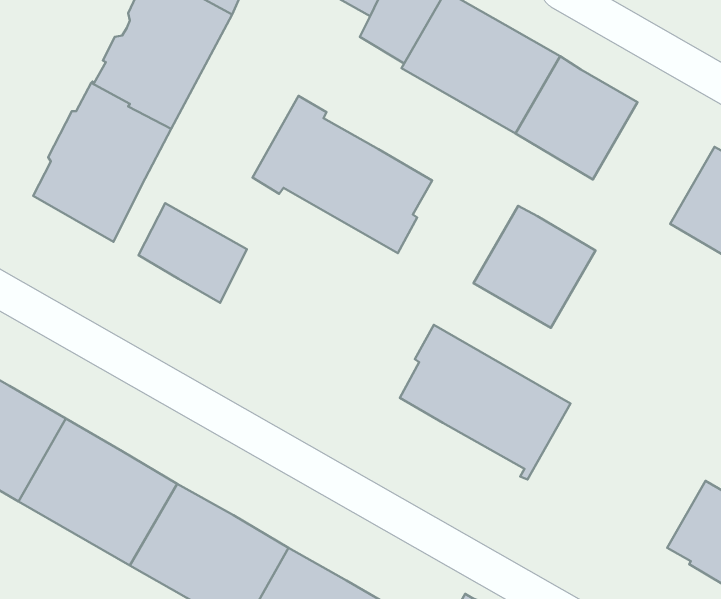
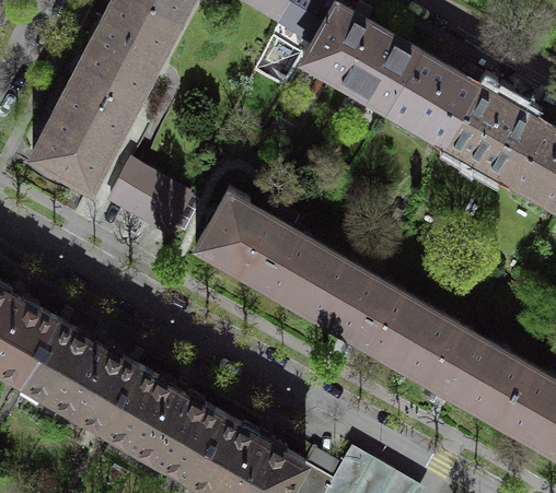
building: [252,96,432,253] -> [196,190,328,306]
building: [474,206,595,328] -> [445,89,535,178]
building: none -> [397,310,529,416]

